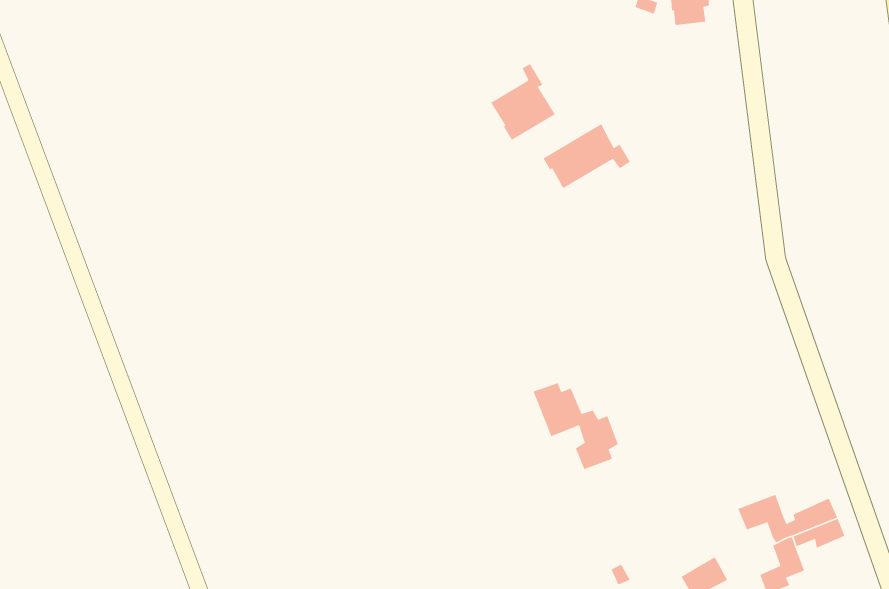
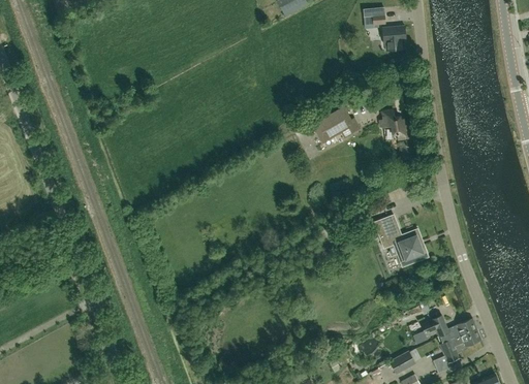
building: [490,63,556,141] -> none
building: none -> [380,110,410,141]
building: [532,382,619,470] -> [374,217,423,266]

